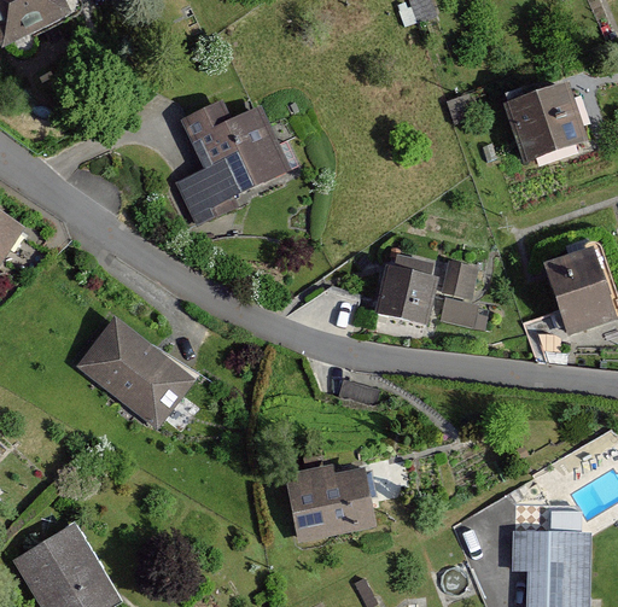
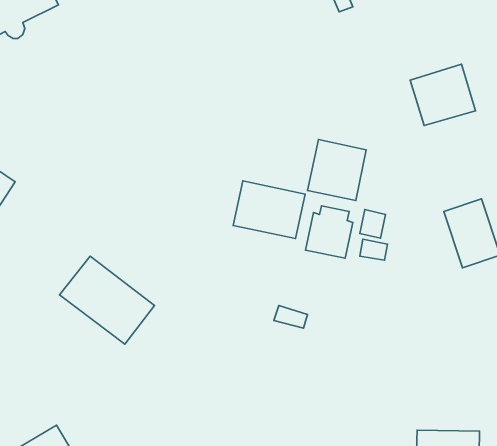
building: [177,103,287,224] -> none
building: none -> [307,139,366,201]
building: none -> [233,181,305,239]
building: [286,466,374,541] -> none

